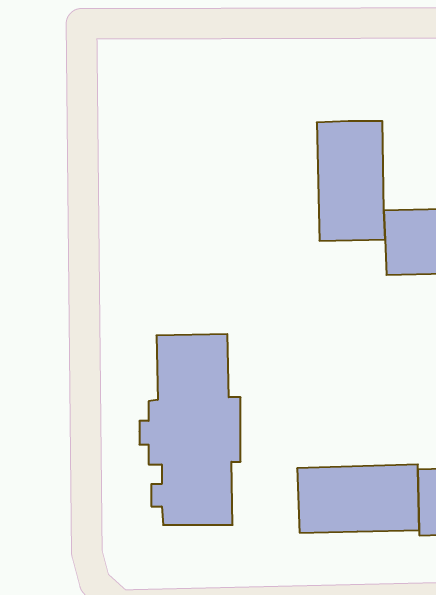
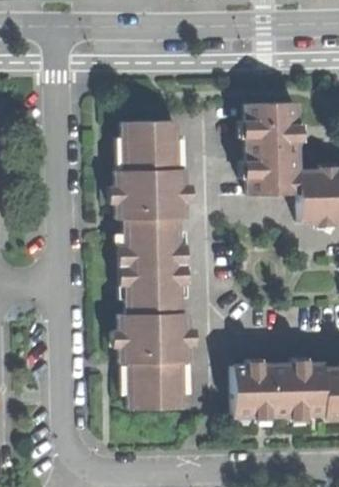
building: none -> [107,123,184,267]

